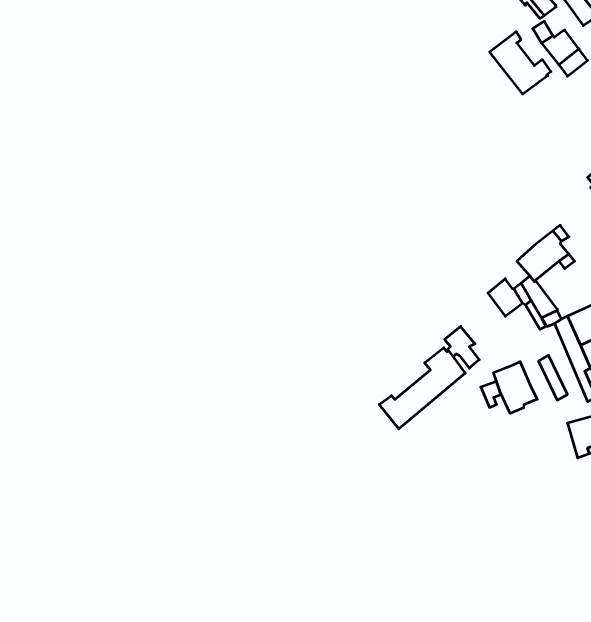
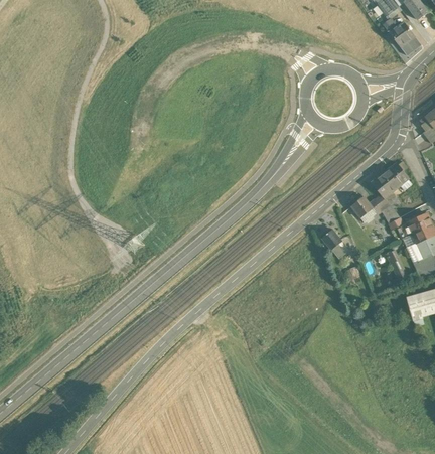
building: [490,32,551,94] -> none
building: [379,348,465,429] -> none
building: [494,362,537,413] -> none

